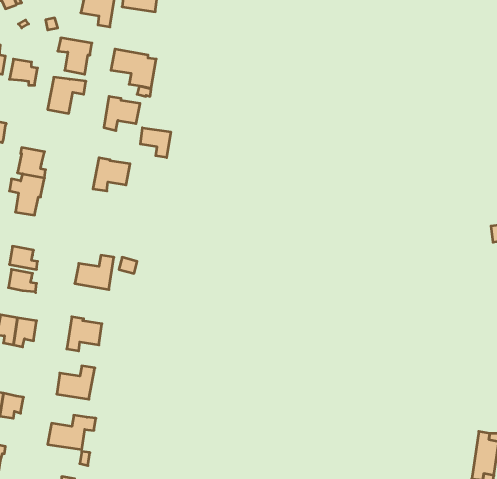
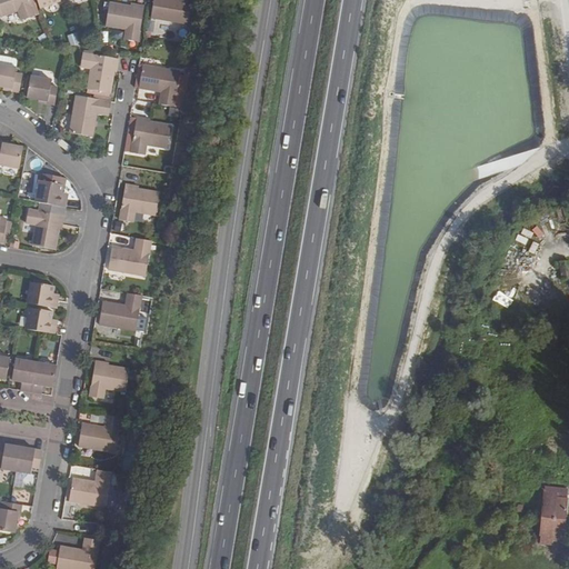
building: [140,128,171,158] -> none
building: none -> [108,238,150,276]

